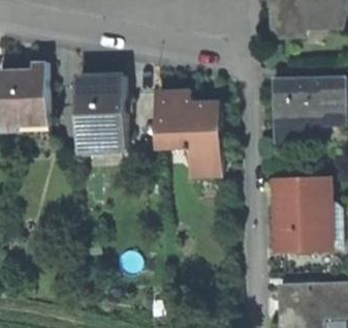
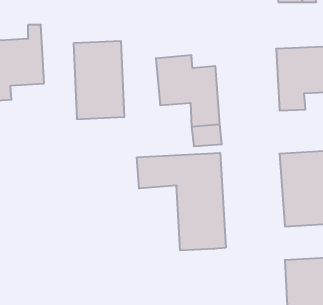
building: none -> [137,153,226,250]

